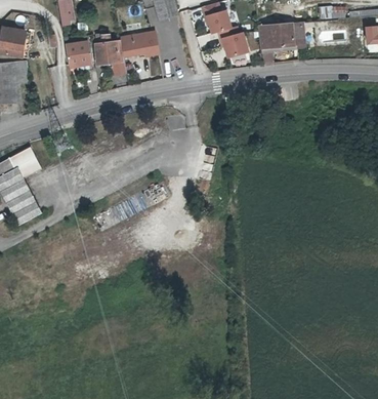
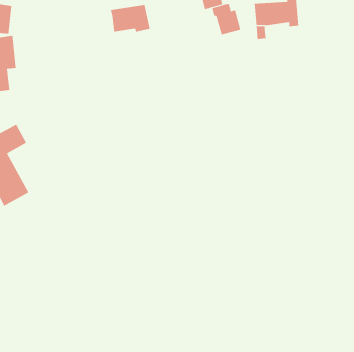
building: [96,33,126,74] -> none
building: [65,41,92,67] -> none

